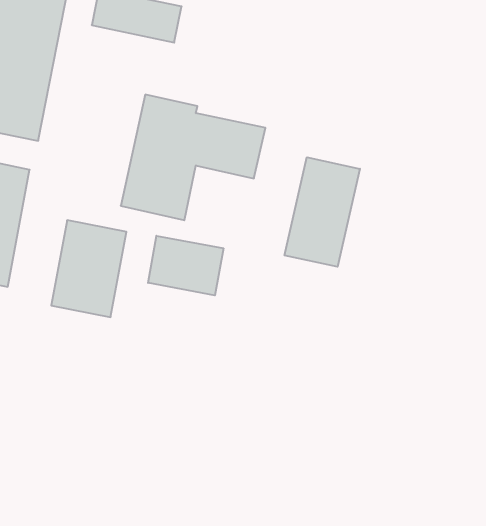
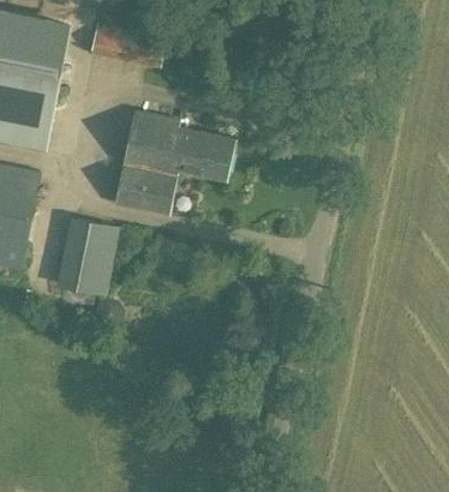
building: [285,157,360,267] -> none
building: [148,236,223,295] -> none

